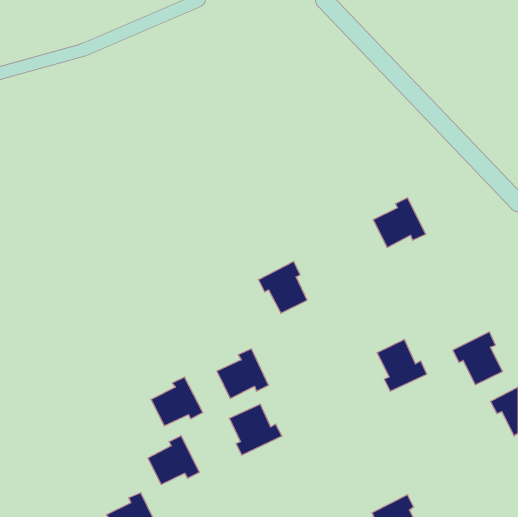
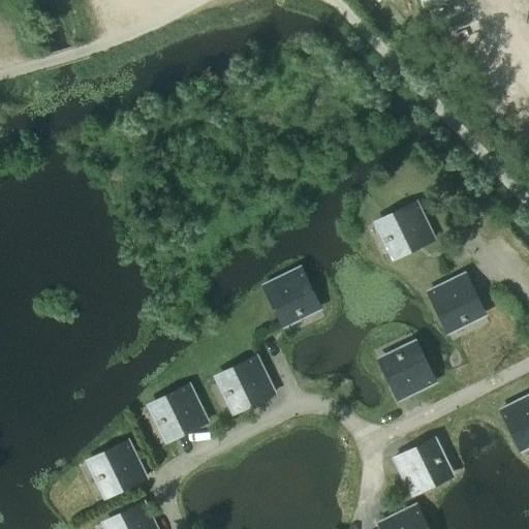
building: [453,332,503,385] -> [428,274,478,328]
building: [230,404,282,455] -> none
building: [148,436,200,484] -> [93,441,146,491]
building: none -> [394,445,446,496]

